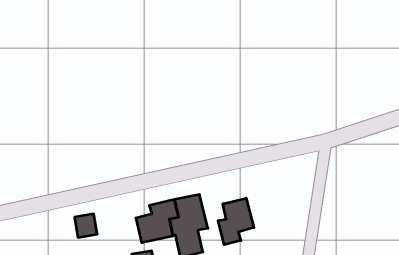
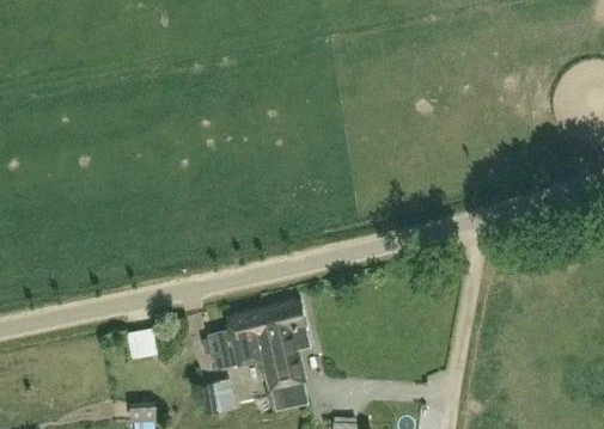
building: [218,198,254,245] -> none

